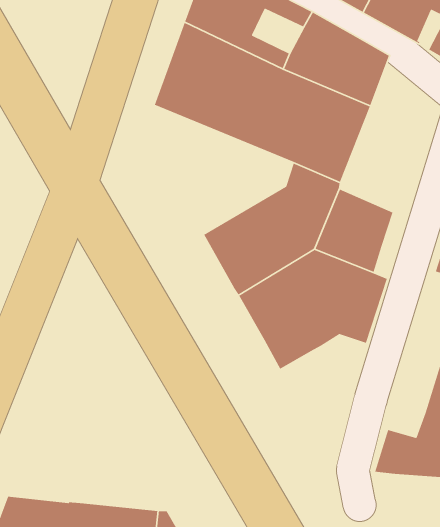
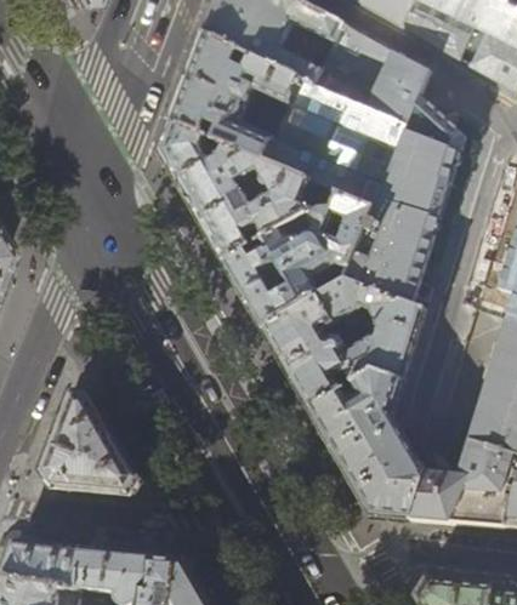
building: none -> [374,91,465,238]
building: none -> [163,122,324,262]
building: none -> [309,370,426,518]
building: none -> [42,390,141,493]

